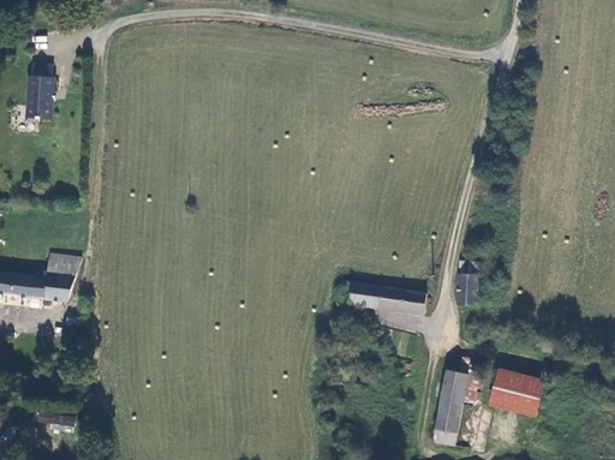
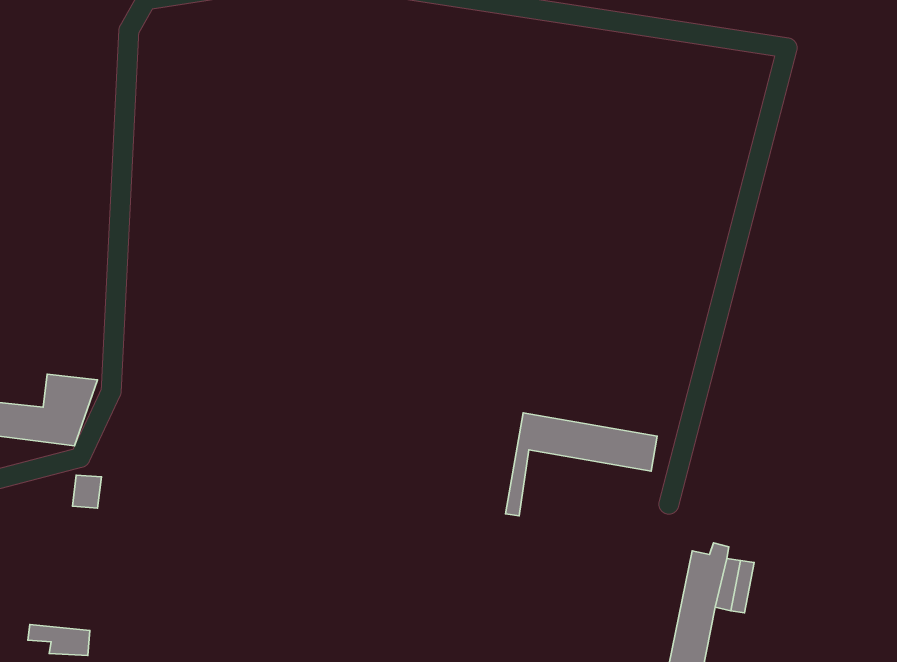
building: [24,78,53,124] -> none
building: [462,273,484,306] -> none
building: [495,371,547,414] -> none

